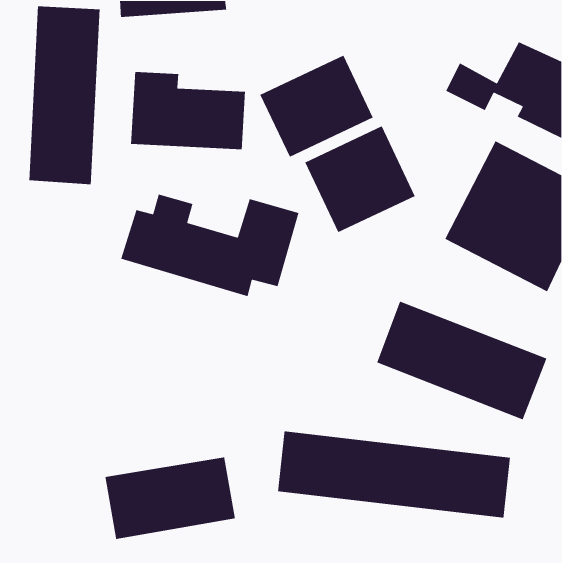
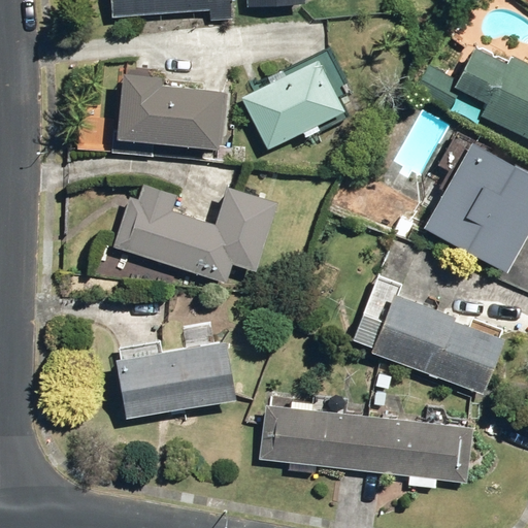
building: [28,6,101,185] -> none
building: [304,125,416,233] -> none
building: [104,457,236,540] -> [118,341,239,419]

